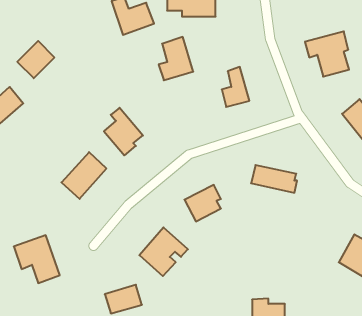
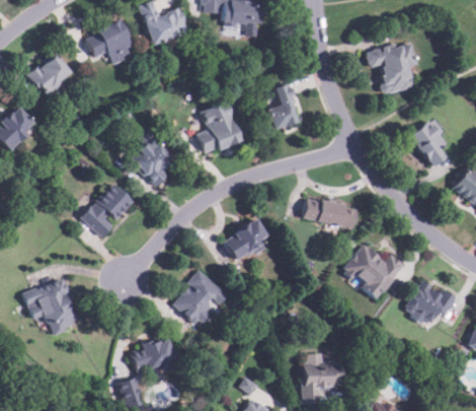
building: none -> [85,21,134,64]
building: [159,37,193,80] -> [199,101,239,152]
building: none -> [343,244,403,297]

